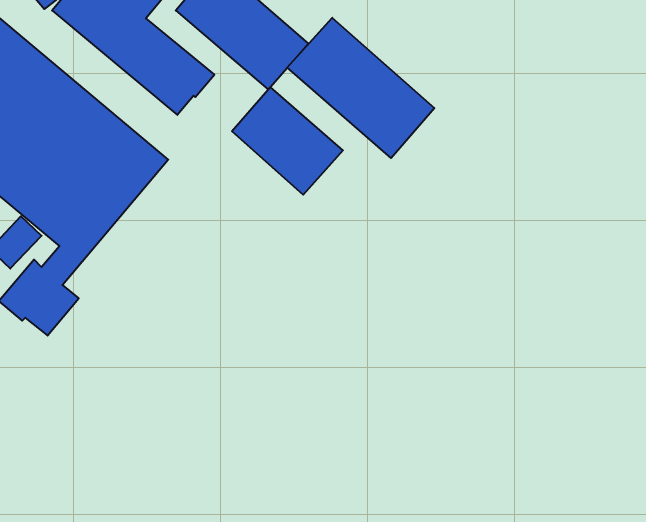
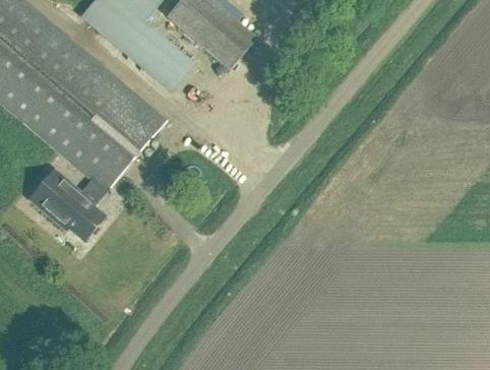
building: [287,18,434,158] -> none
building: [232,87,343,195] -> none

